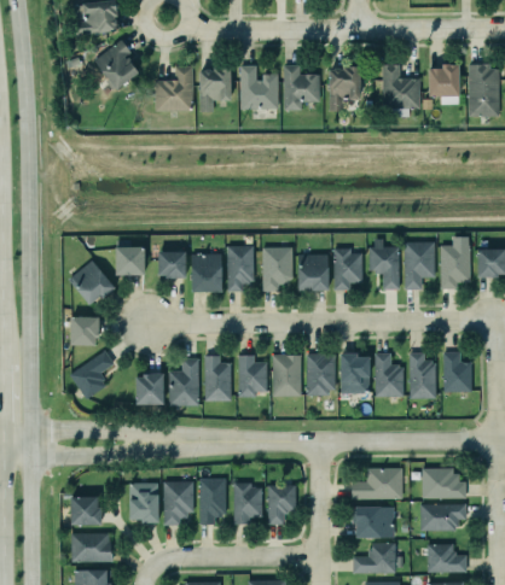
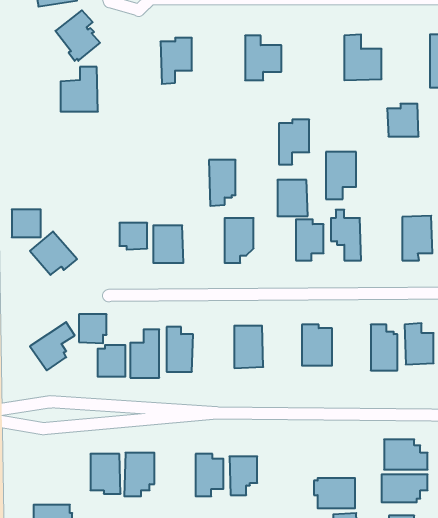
building: [429,64,460,96] -> [387,104,419,136]
building: [156,66,193,111] -> [61,67,98,112]
building: [240,66,278,109] -> none
building: [330,66,360,111] -> [279,120,309,164]
building: [405,242,435,289] -> [326,152,356,199]
building: [227,246,254,292] -> [209,160,236,206]
building: [116,247,145,275] -> [12,209,41,237]
building: [298,255,329,291] -> [277,180,308,216]
building: [71,317,99,346] -> [79,314,107,343]
building: [375,353,405,398] -> none
building: [307,355,336,396] -> none
building: [239,356,267,397] -> none
building: [352,468,402,498] -> none
building: [199,478,226,525] -> none
building: [70,496,101,525] -> none

